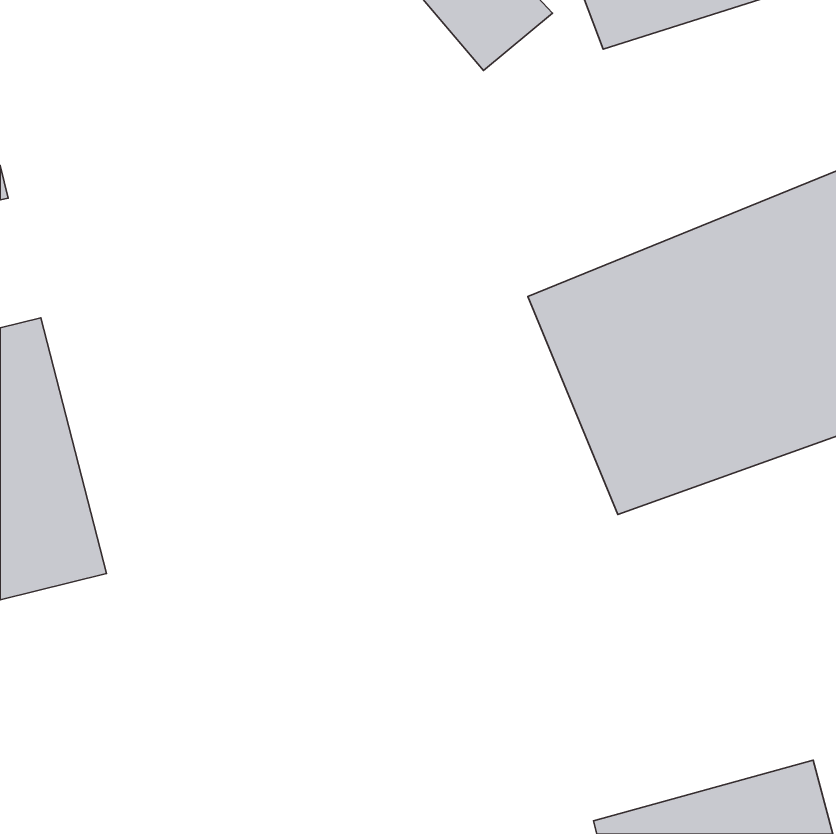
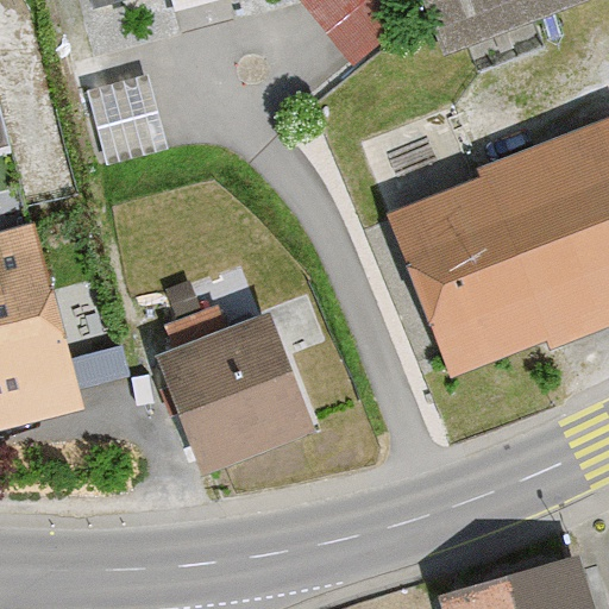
building: none -> [155,315,313,467]

